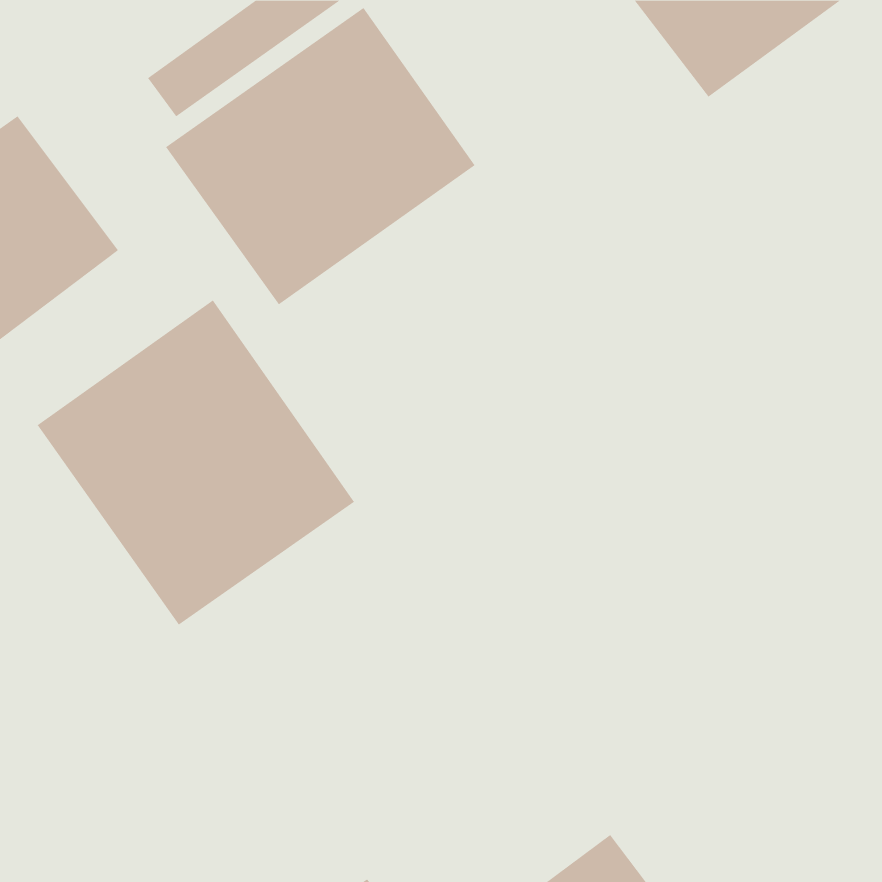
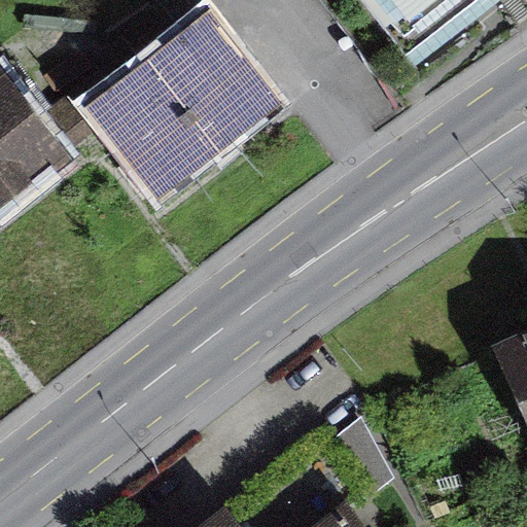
building: [37,300,355,626] -> none

